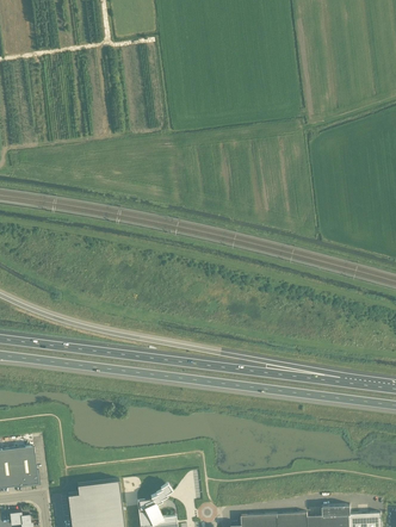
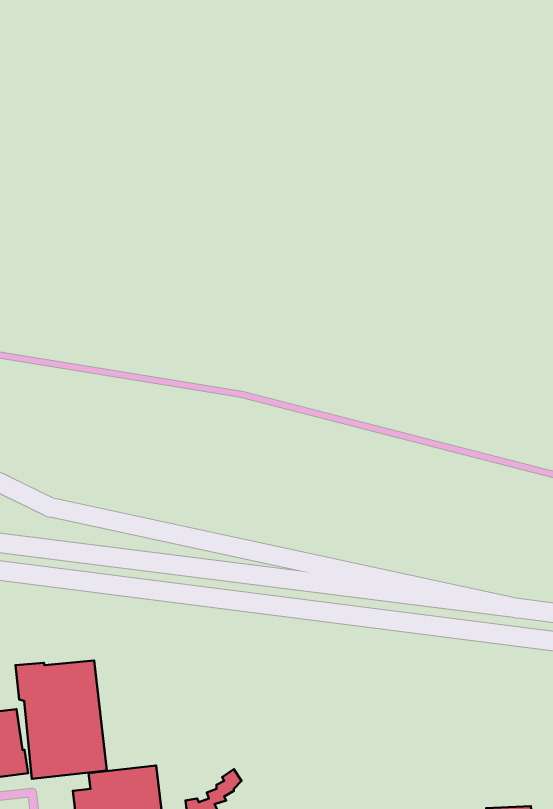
building: none -> [15,660,107,779]

